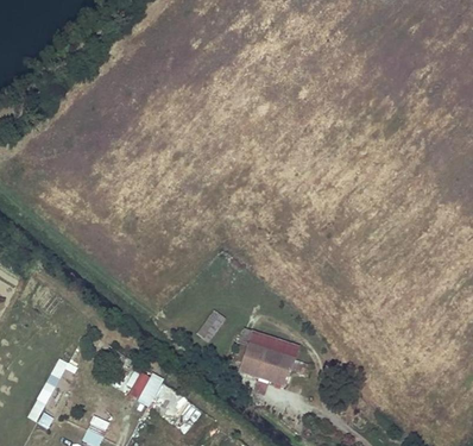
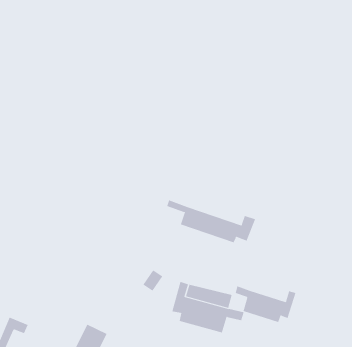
building: none -> [167,200,256,243]
building: none -> [235,285,296,323]

